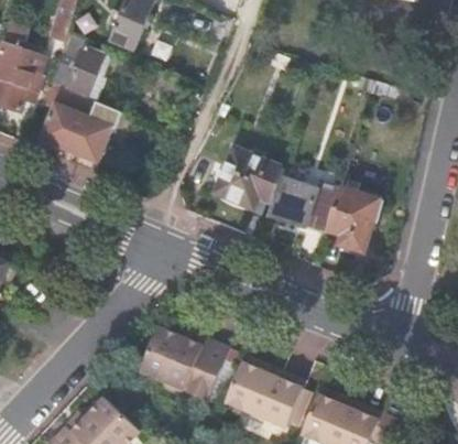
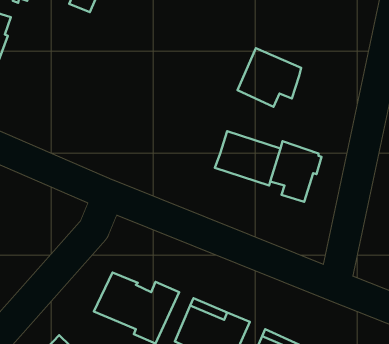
building: [53,46,105,95] -> none
building: [42,101,123,161] -> none
building: [215,147,283,209] -> [237,48,301,107]

